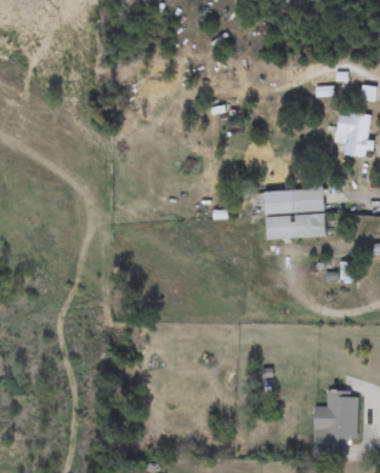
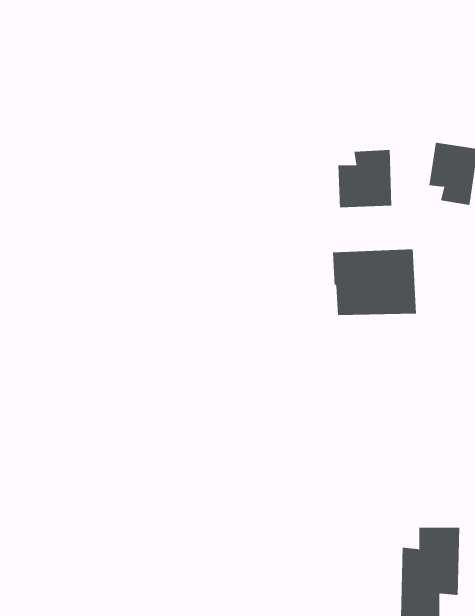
building: none -> [338,149,392,208]

